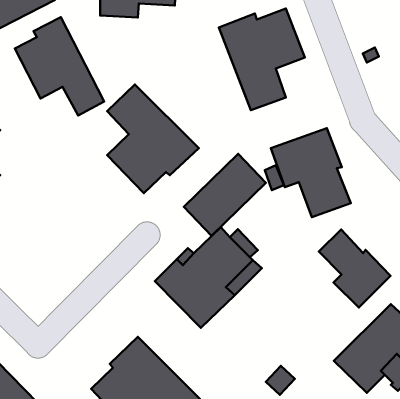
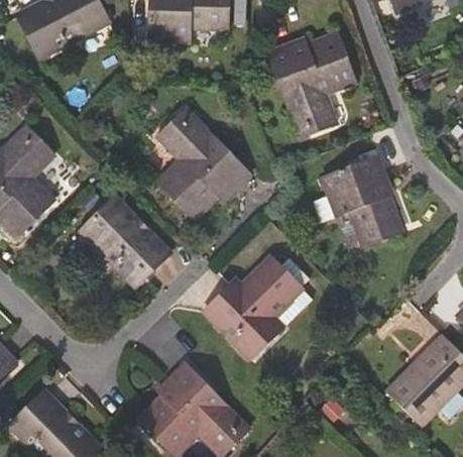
building: [15,17,104,116] -> none
building: [184,154,266,236] -> none
building: none -> [79,198,167,285]
building: [319,229,390,308] -> none

